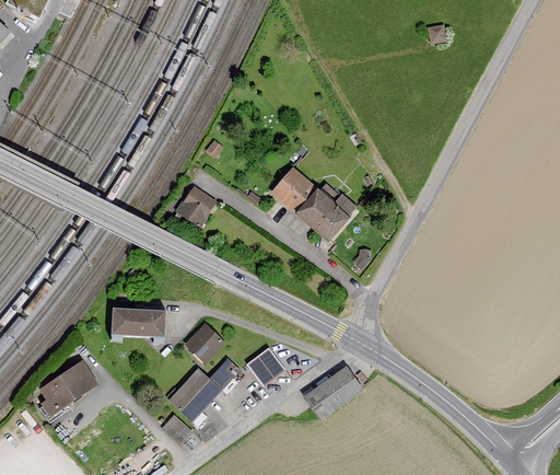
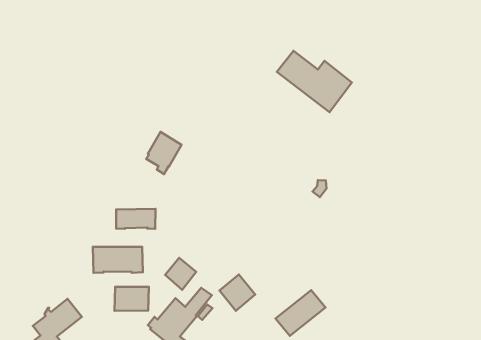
building: [273,169,354,238] -> [277,51,352,112]
building: none -> [116,209,155,229]
building: none -> [115,287,149,311]

